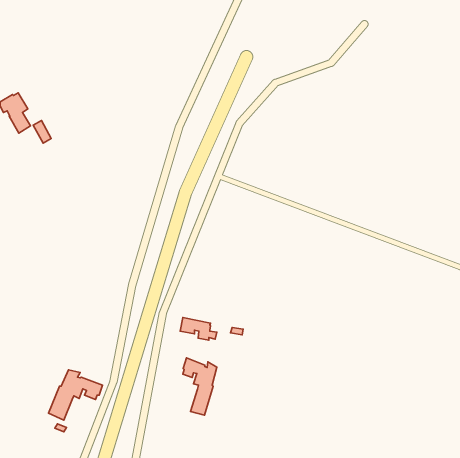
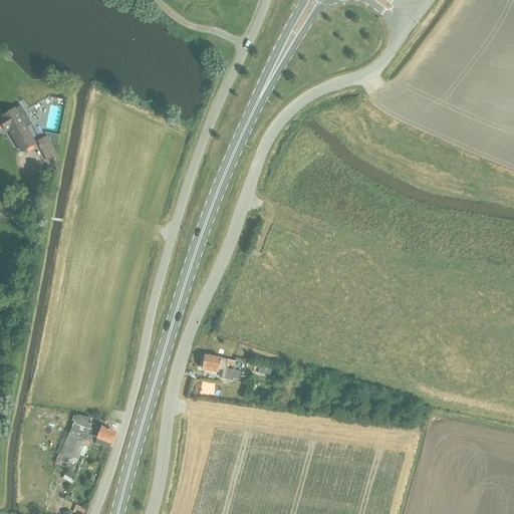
building: [183,358,217,415] -> none

